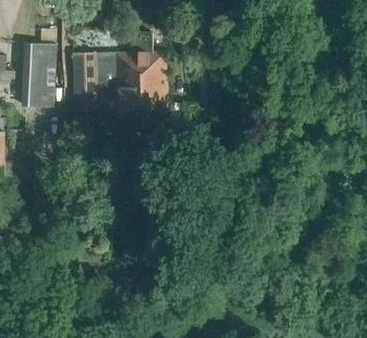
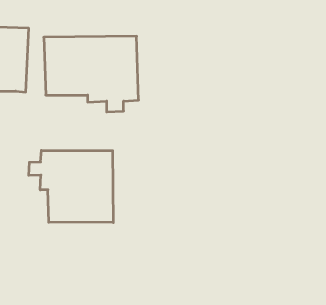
building: none -> [29,150,113,223]

